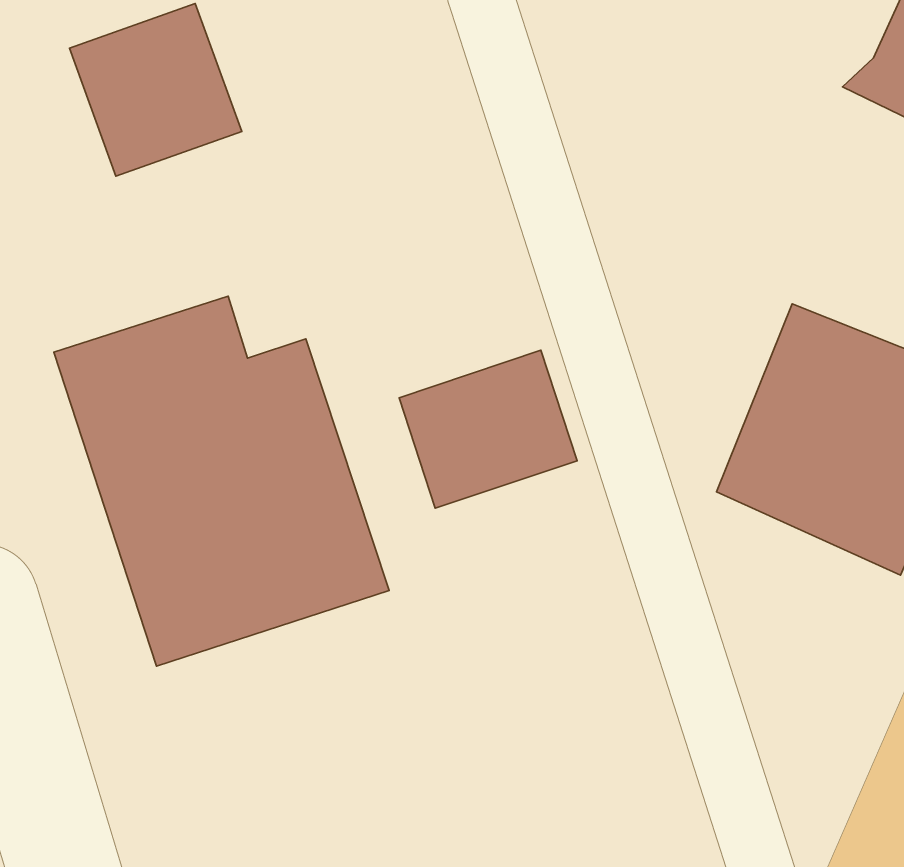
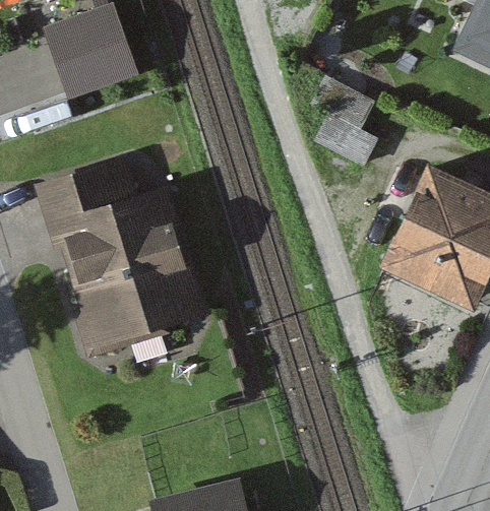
building: none -> [310,76,376,168]
building: [399,350,577,508] -> none

